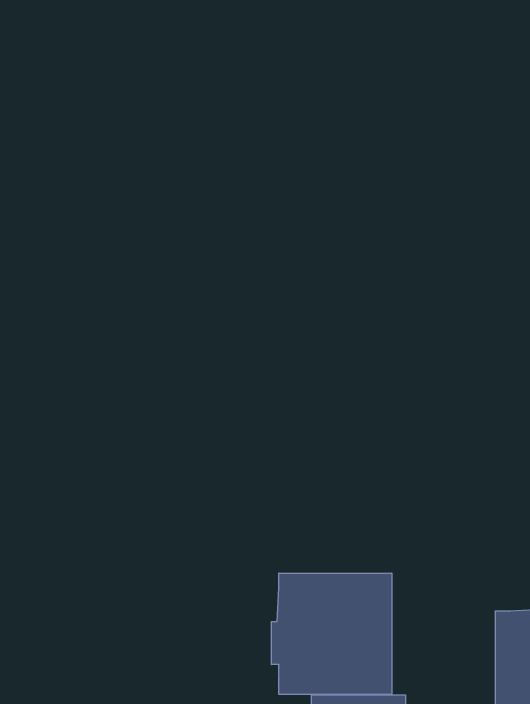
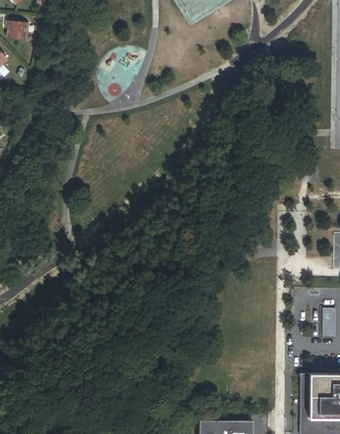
building: [271,573,392,694] -> none

